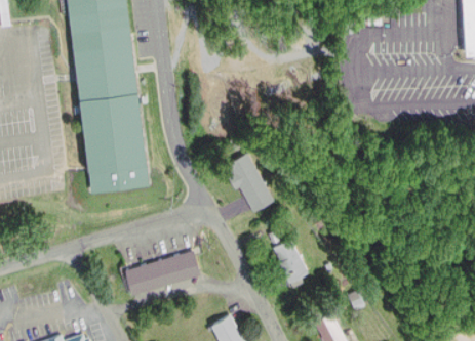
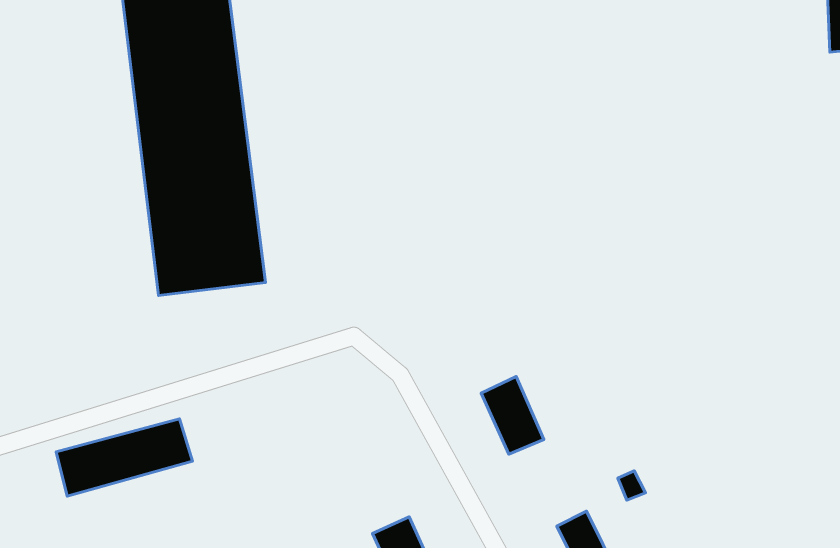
building: [225,153,272,211] -> none
building: [122,250,198,293] -> [56,419,192,496]

